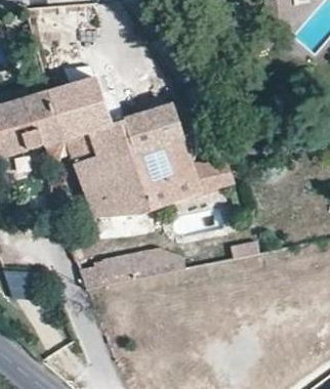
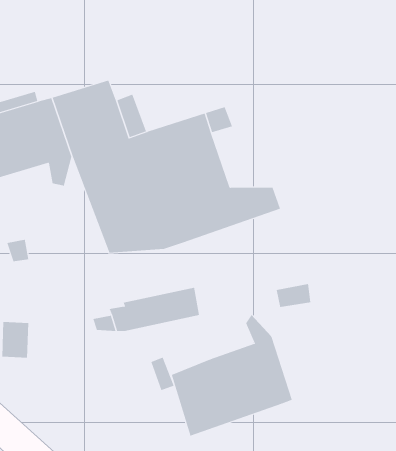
building: none -> [171,314,292,436]

